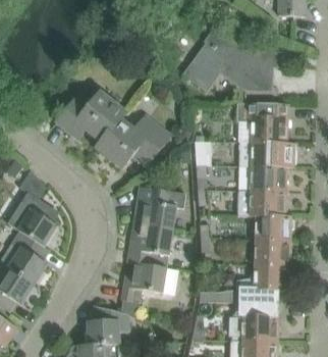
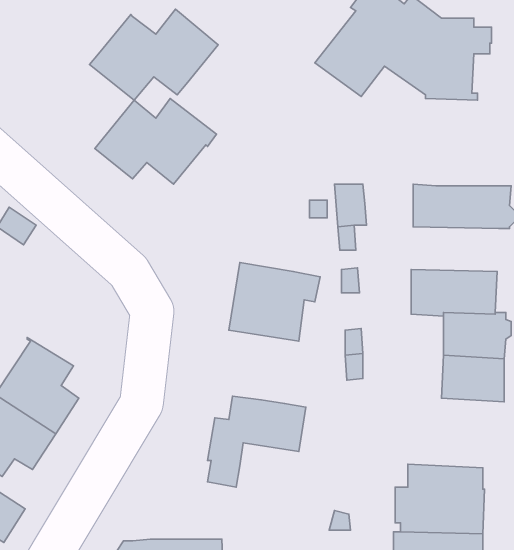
building: [236,102,288,142] -> none
building: [97,115,170,167] -> [90,9,218,100]
building: [237,165,287,191] -> none
building: [7,191,58,245] -> none
building: [127,224,173,266] -> none
building: [199,263,290,303] -> none
building: [88,305,129,344] -> none

